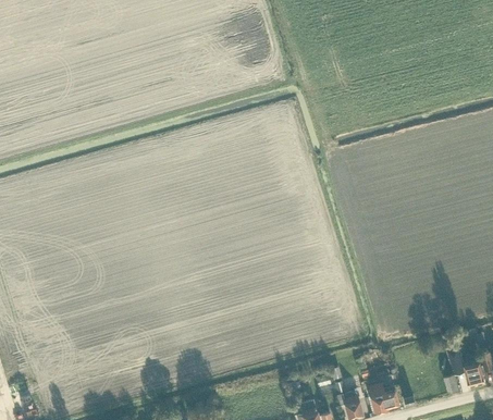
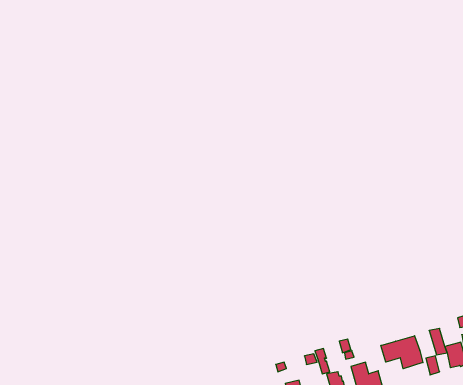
building: none -> [381,336,423,369]

